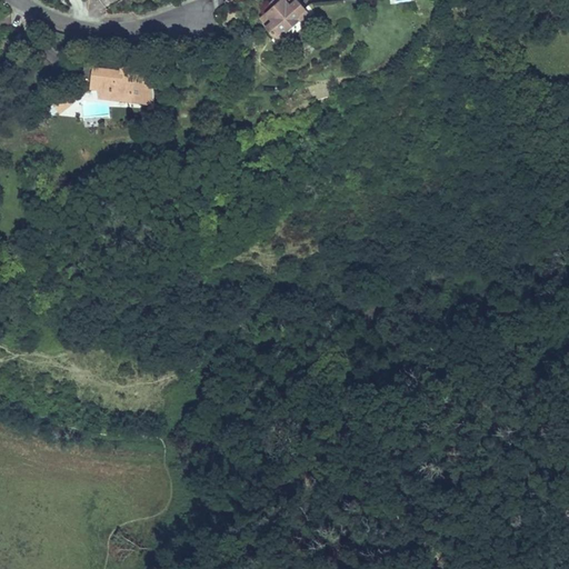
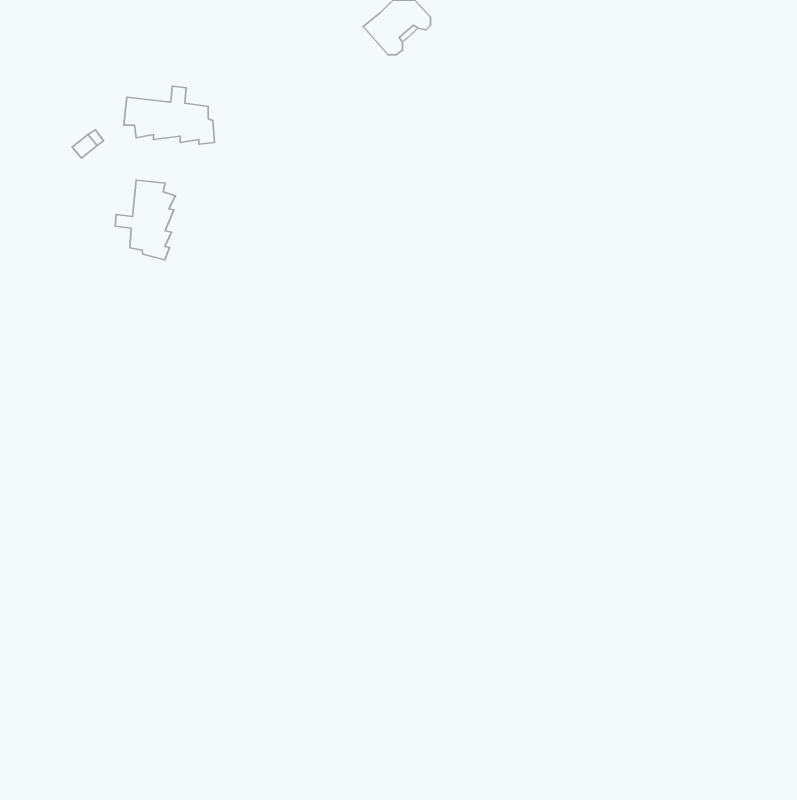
building: none -> [115,180,175,260]

